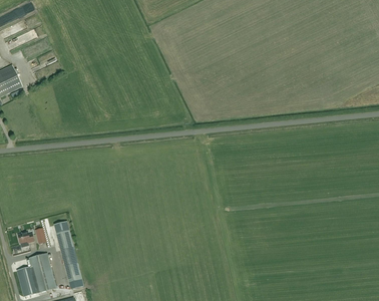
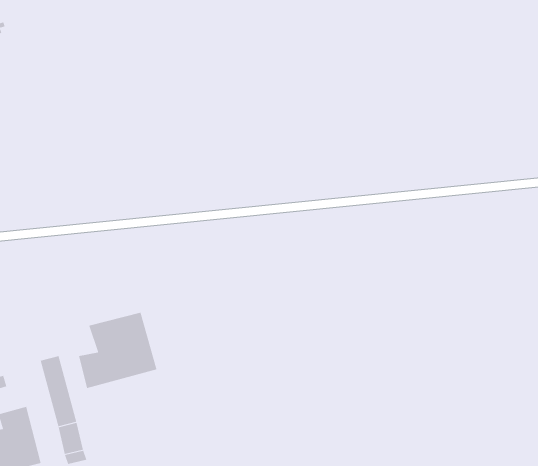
building: none -> [79,312,157,389]

